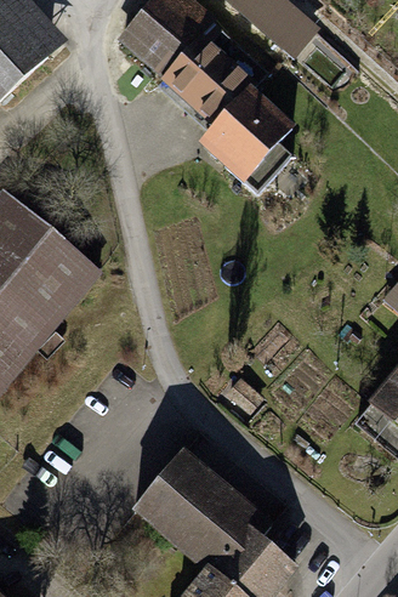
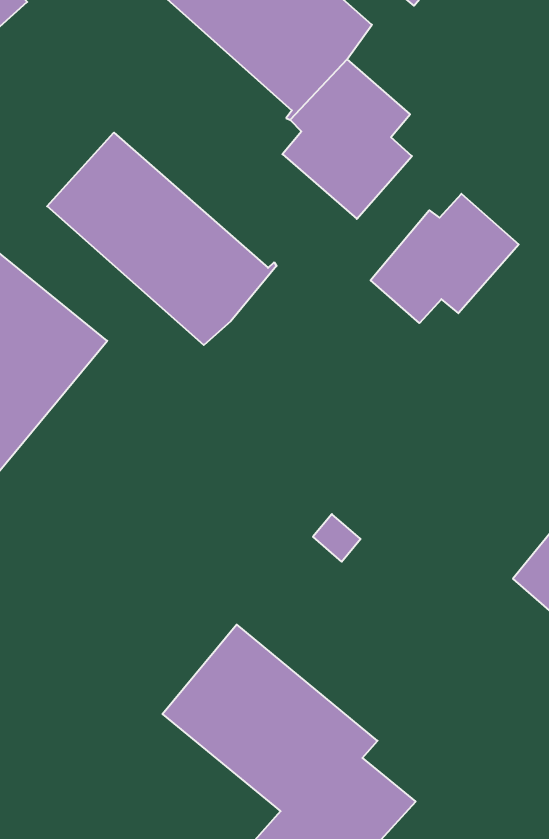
building: none -> [47,133,277,345]
building: none -> [371,194,519,323]

